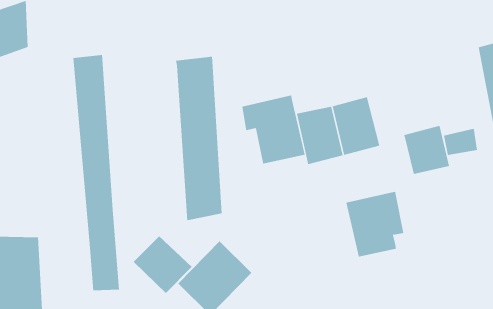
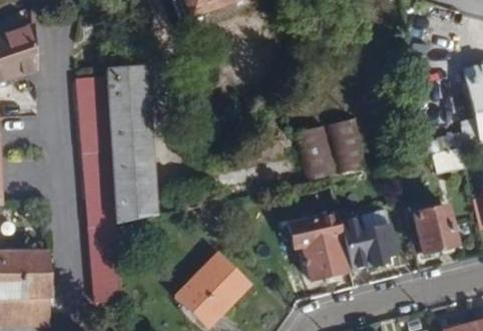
building: [175,56,222,221] -> [106,67,151,225]
building: [241,95,305,164] -> [290,213,351,279]
building: [404,125,450,175] -> [413,205,457,252]
building: [133,235,193,294] -> none

